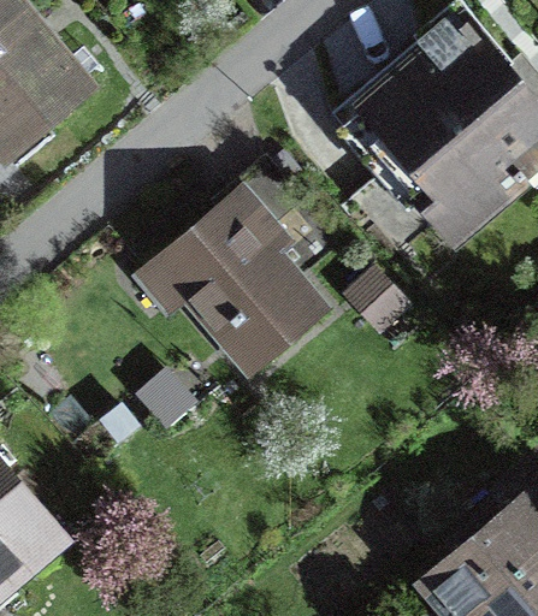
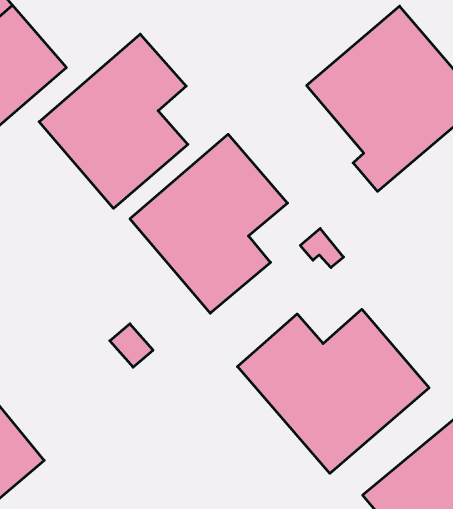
building: none -> [39,34,188,208]
building: none -> [237,309,429,473]

